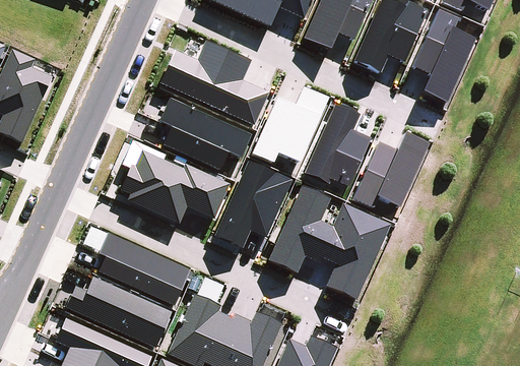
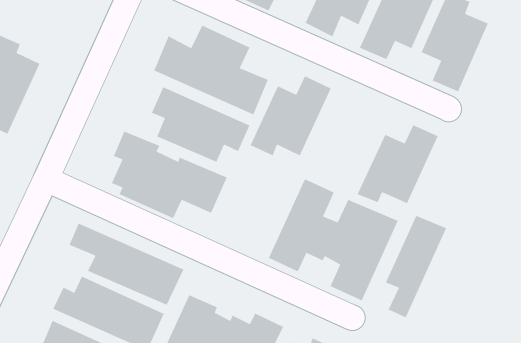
building: [305,103,370,185] -> none
building: [213,160,291,247] -> none
building: none -> [385,215,447,319]

